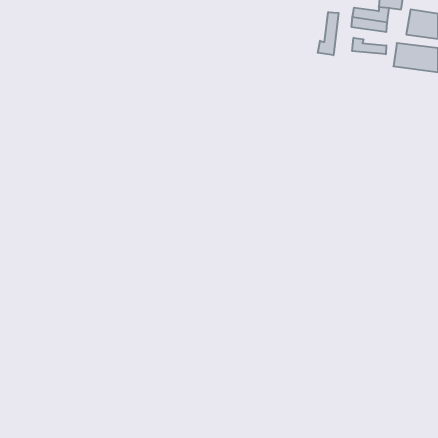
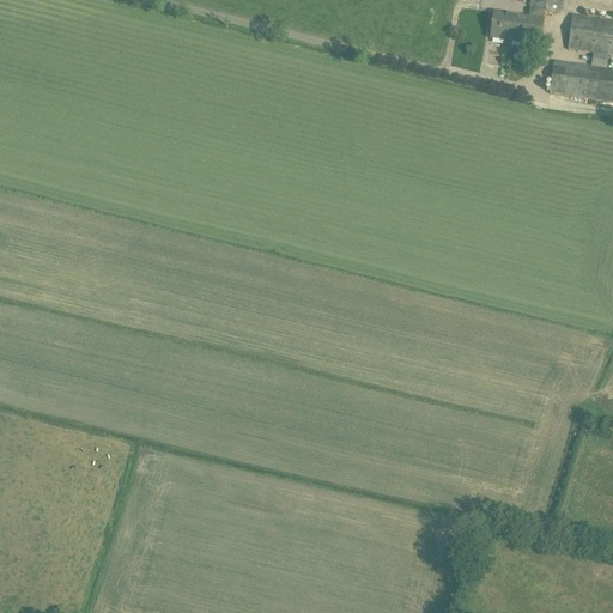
building: [318,12,339,55] -> none
building: [352,38,386,54] -> none

